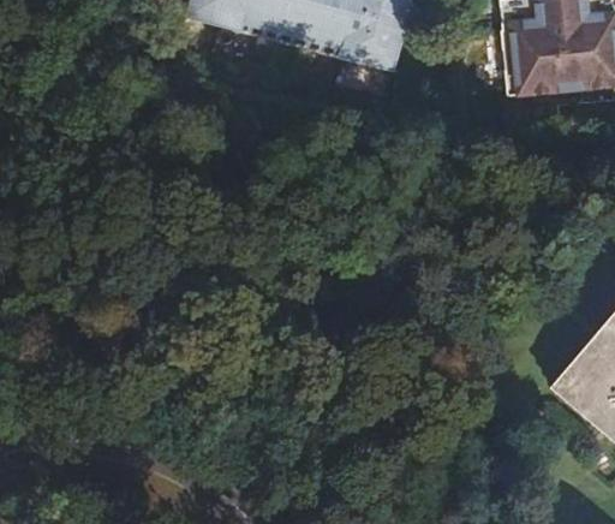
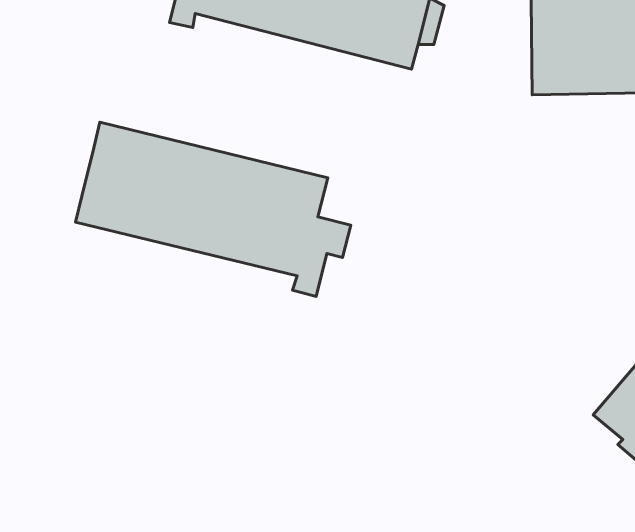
building: none -> [76,122,351,297]

